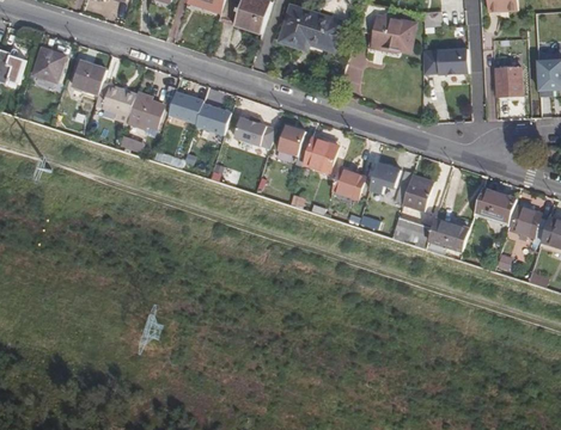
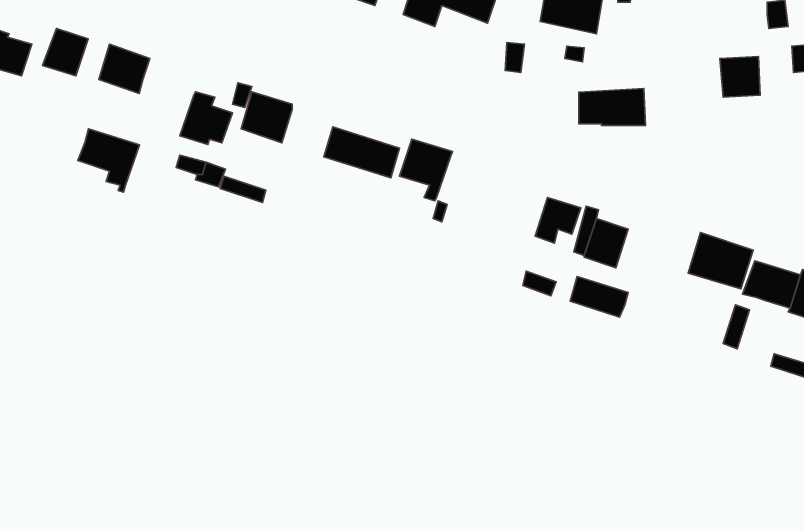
building: [422,49,468,74] -> [579,89,646,126]
building: [94,84,136,127] -> [78,129,139,192]
building: [195,104,232,137] -> none
building: [301,136,337,172] -> none
building: [331,167,365,197] -> none
building: [429,217,468,246] -> none

